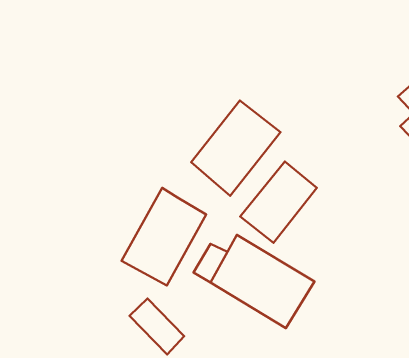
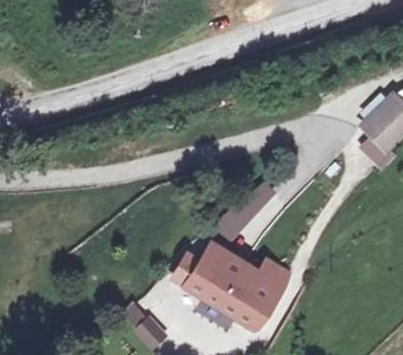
building: [191,101,280,196] -> none
building: [121,188,206,286] -> none

